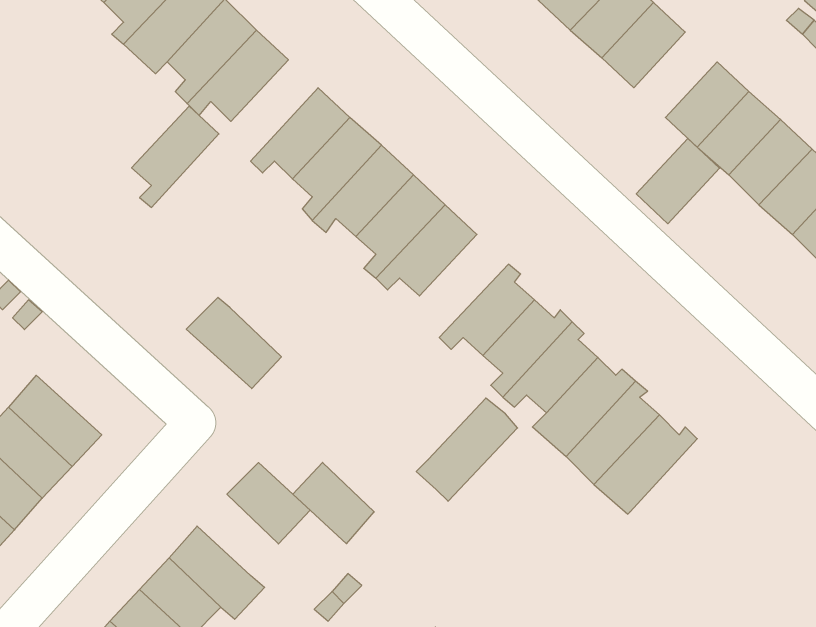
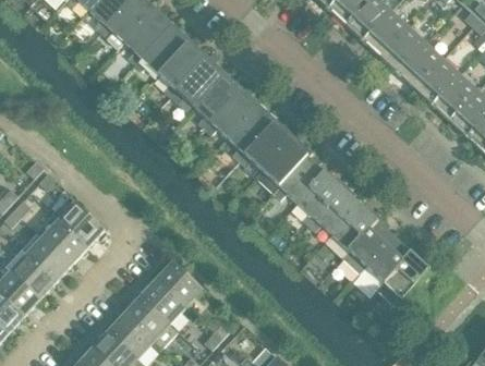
building: [132,106,219,207] -> [158,39,206,95]
building: [636,138,720,224] -> [379,24,425,71]
building: [186,297,281,389] -> [51,195,104,245]
building: [416,398,518,501] -> [255,135,311,192]
building: none -> [377,247,429,305]
building: [293,462,374,544] -> [140,278,184,322]

